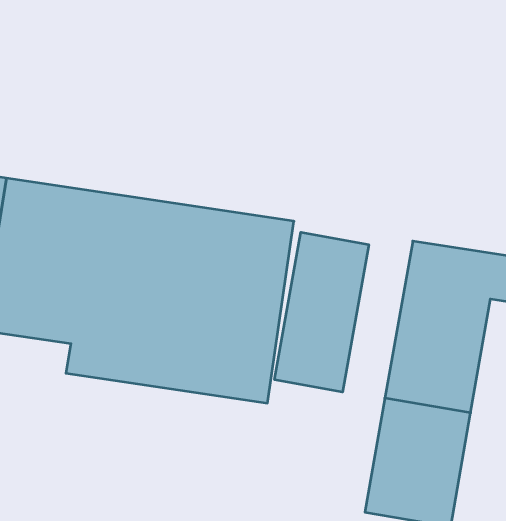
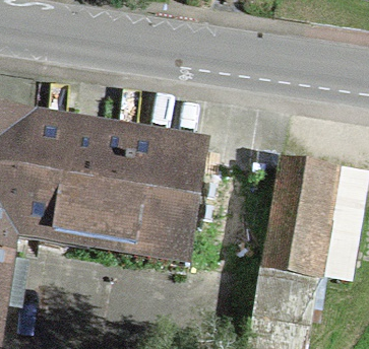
building: [275,232,369,392] -> none

